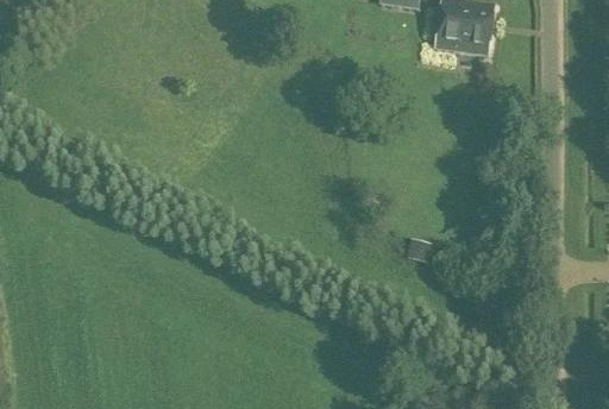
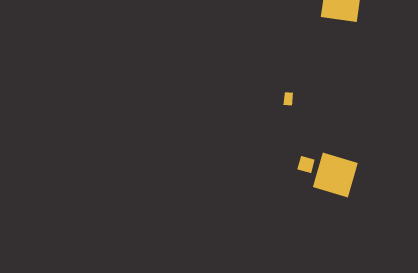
building: none -> [312,152,359,198]

